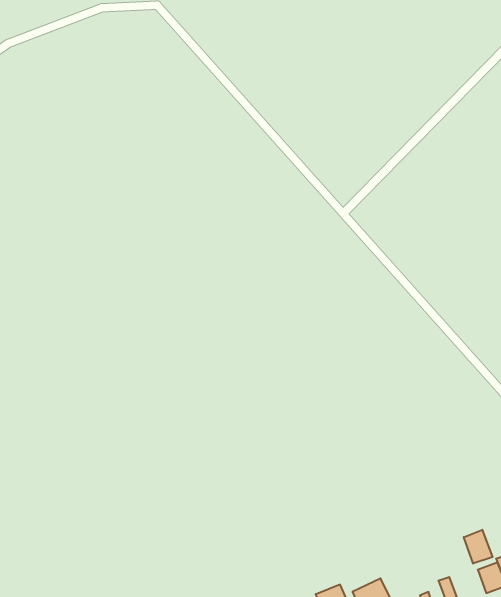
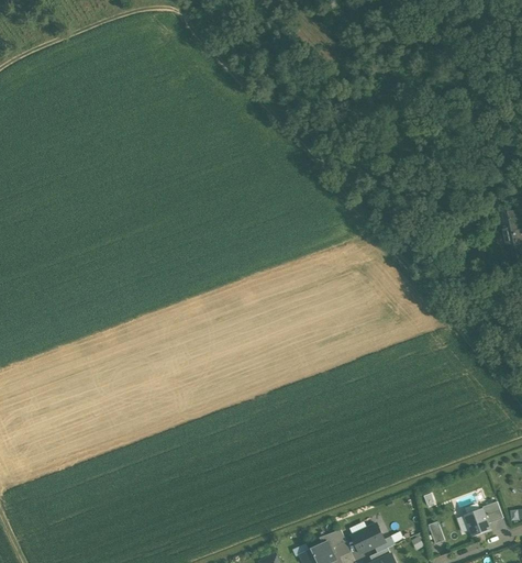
building: [464,530,493,564] -> none

